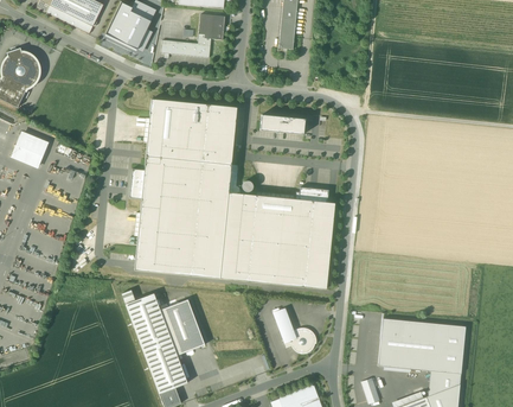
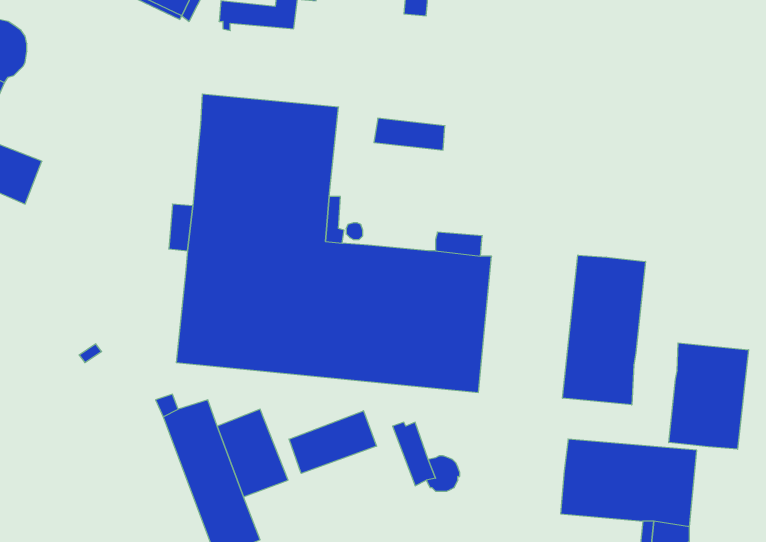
building: none -> [563,255,645,405]
building: none -> [669,343,749,449]
building: none -> [289,411,377,473]

